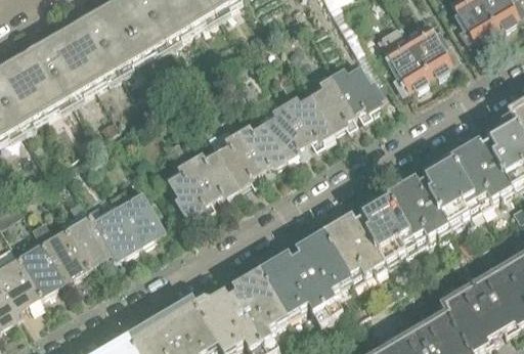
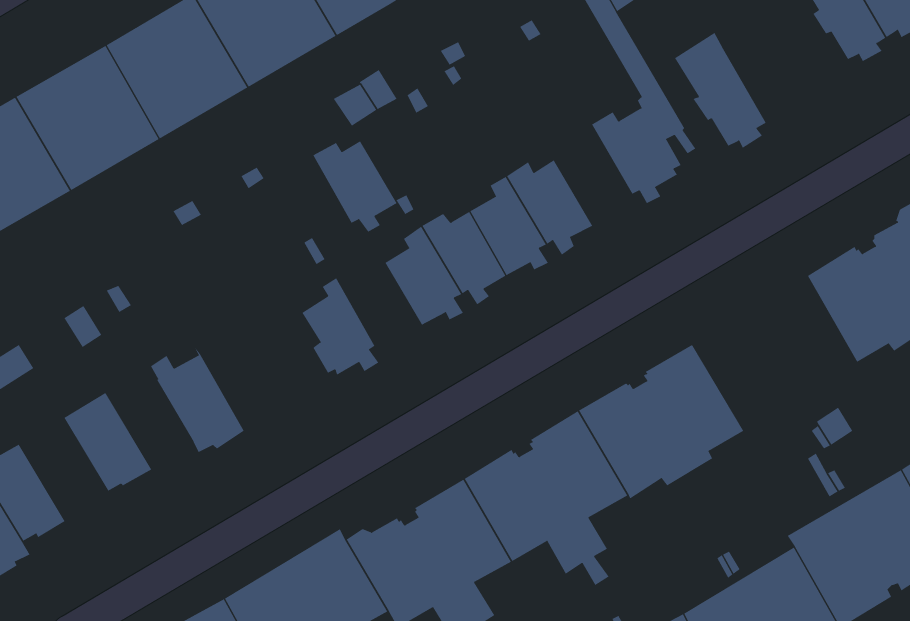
building: [404,19,450,75] -> none
building: [310,75,354,131] -> none
building: [189,151,236,203] -> [312,140,397,233]
building: [387,159,478,245] -> none
building: [108,186,161,245] -> none
building: [61,209,110,266] -> none
building: [13,237,62,295] -> none

